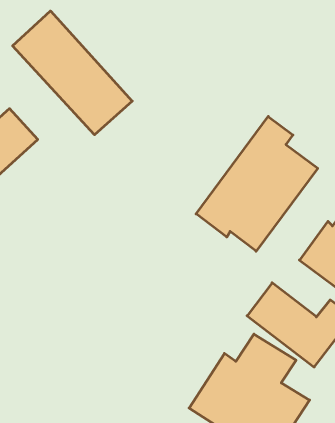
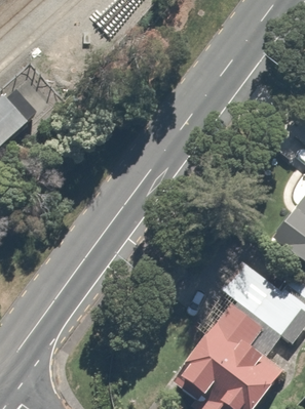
building: [13,11,132,135] -> none
building: [196,116,318,251] -> none

